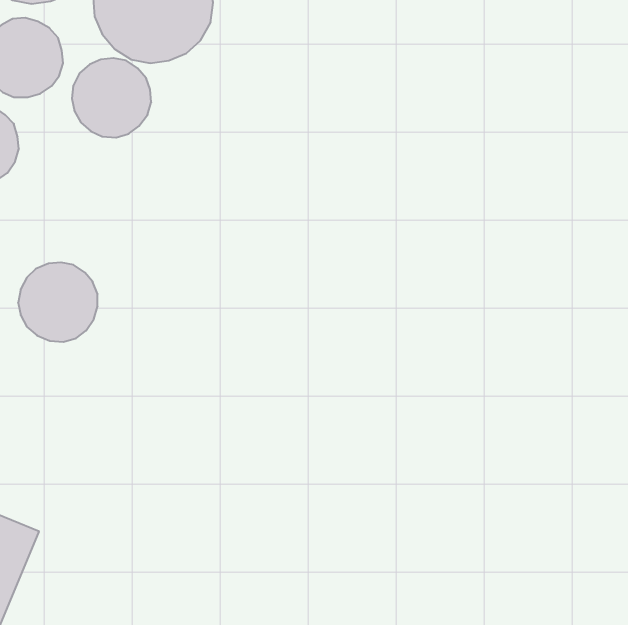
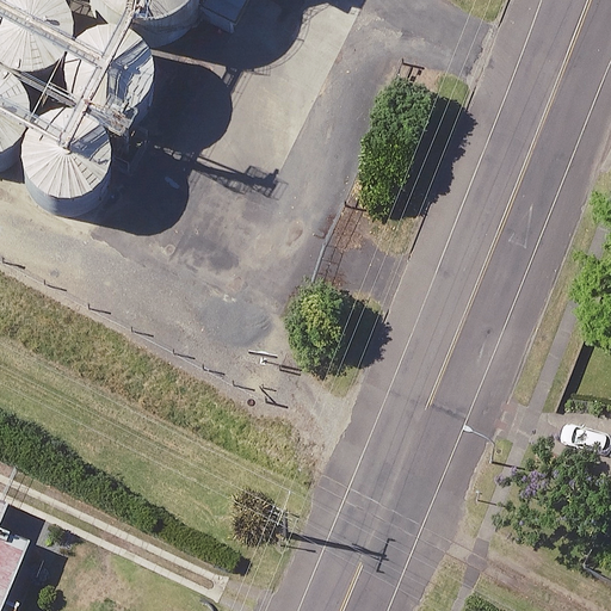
building: [18,262,98,342] -> [24,143,99,218]

